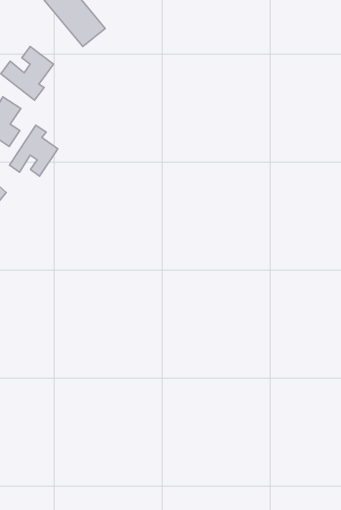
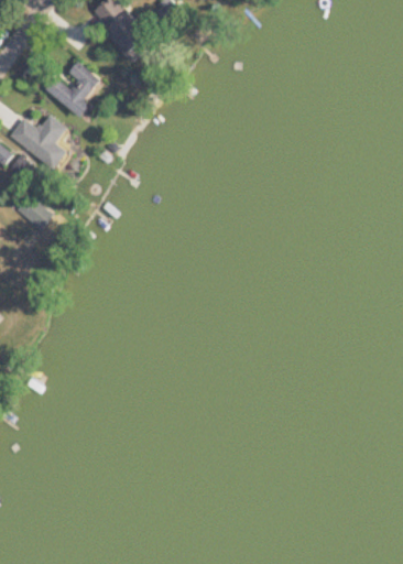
building: [9,125,58,176] -> none

